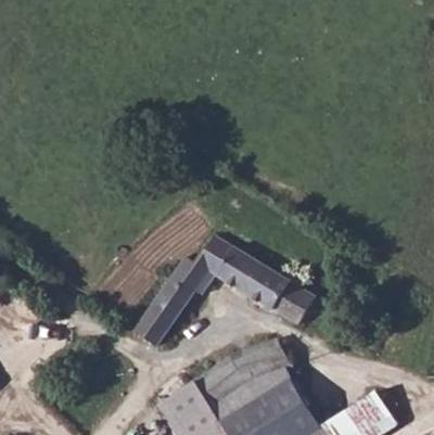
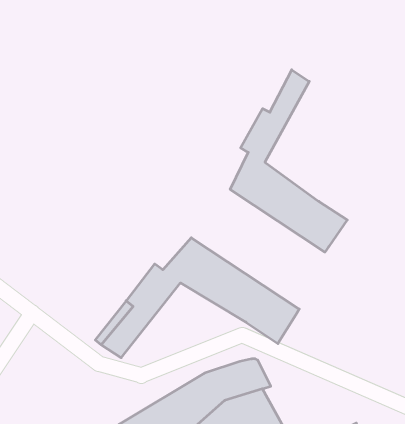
building: none -> [230,70,347,252]

